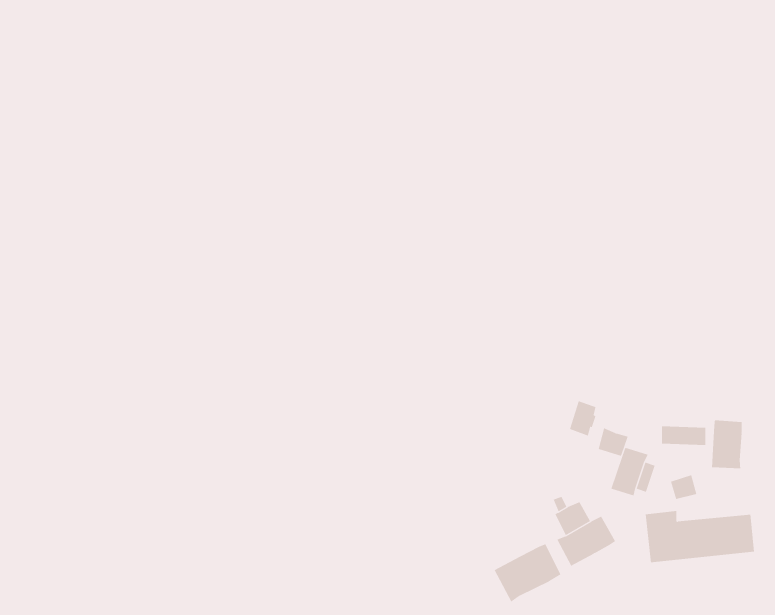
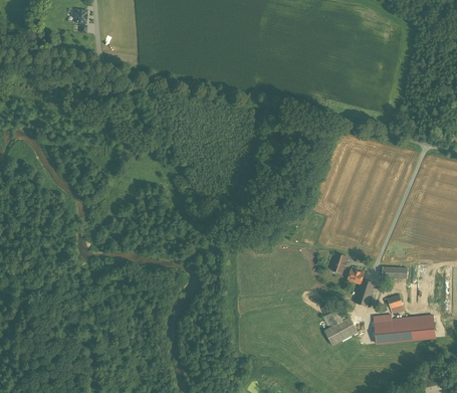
building: [712,420,742,469] -> none
building: [494,544,561,602] -> none

